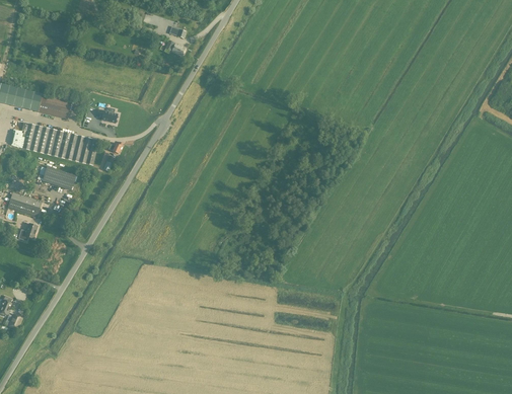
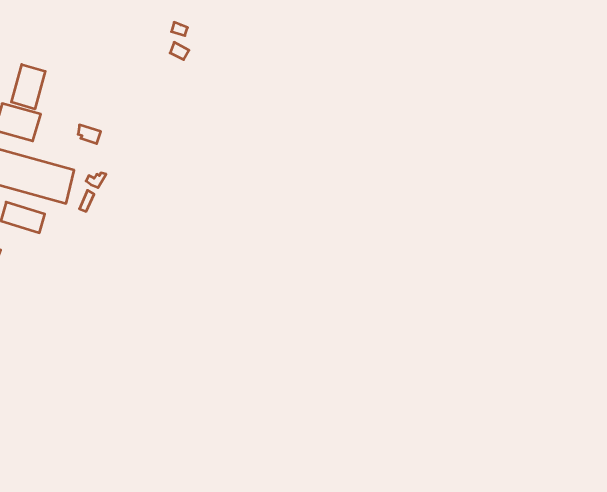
building: none -> [11,64,45,109]

